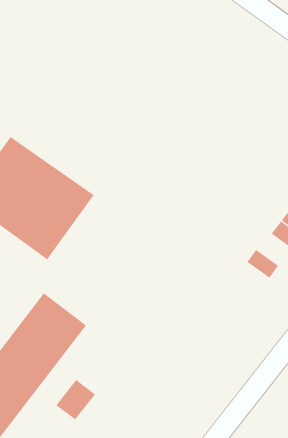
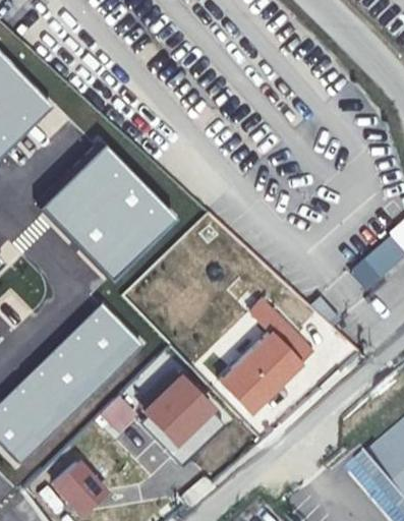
building: none -> [211,299,315,416]
building: none -> [150,380,219,448]

